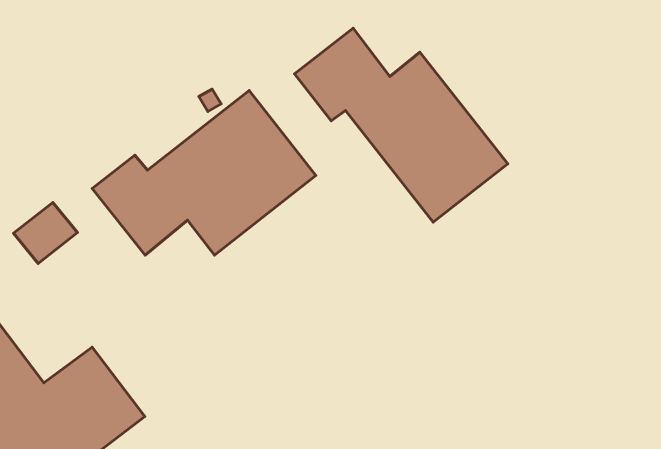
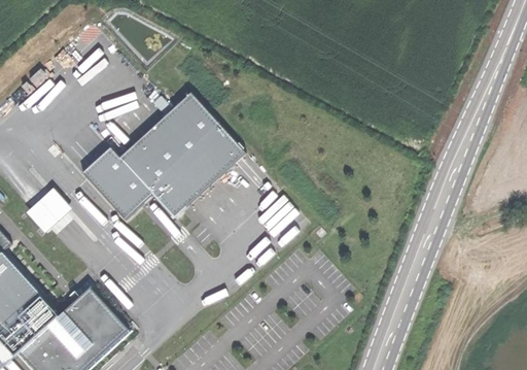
building: [294,28,508,222] -> none

